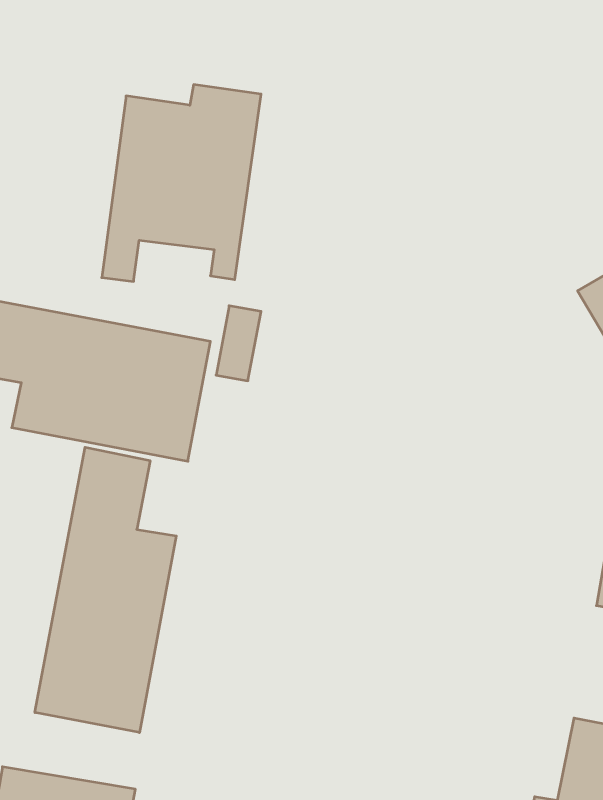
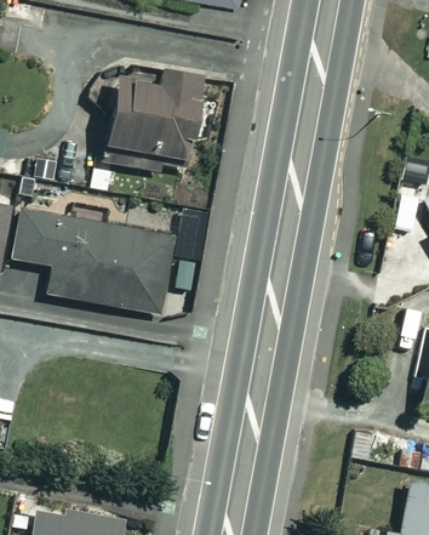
building: [35,447,176,733] -> none

